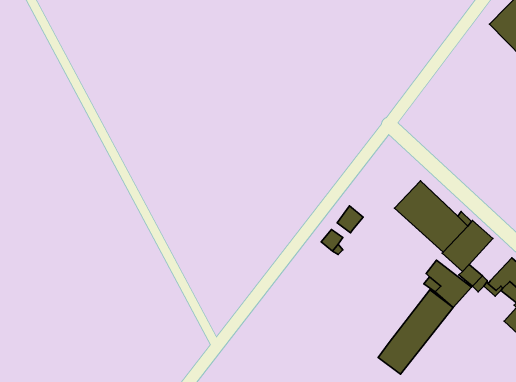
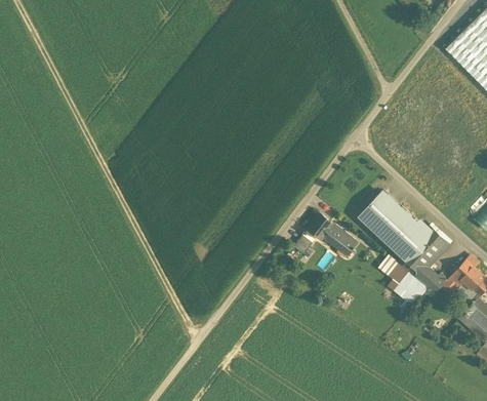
building: none -> [322,224,357,254]
building: [378,290,453,374] -> none

